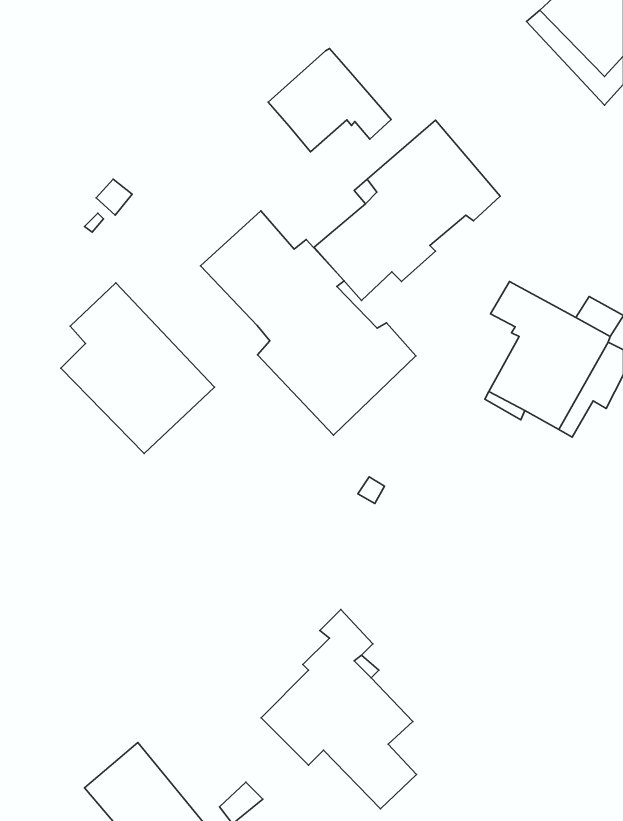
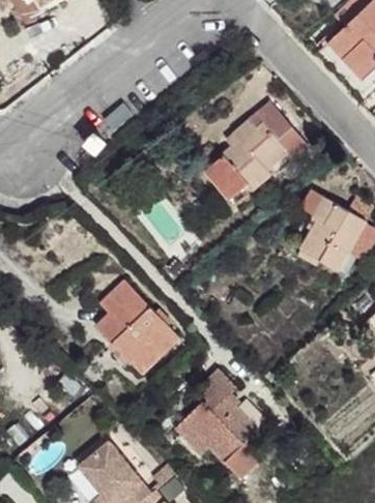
building: [268,48,391,152] -> none
building: [200,211,416,435] -> none
building: [61,283,214,453] -> [95,280,179,374]

